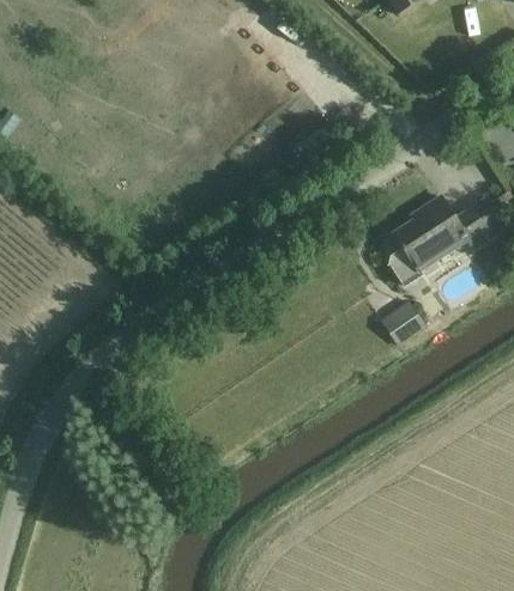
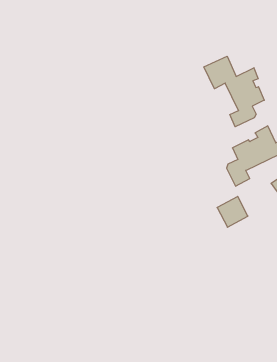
building: none -> [204,56,264,127]

